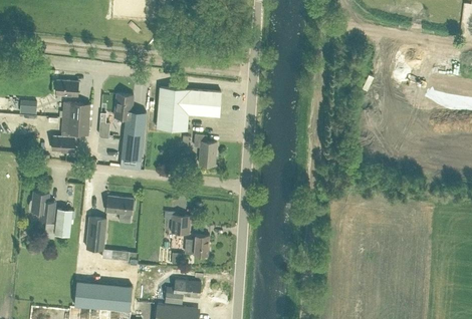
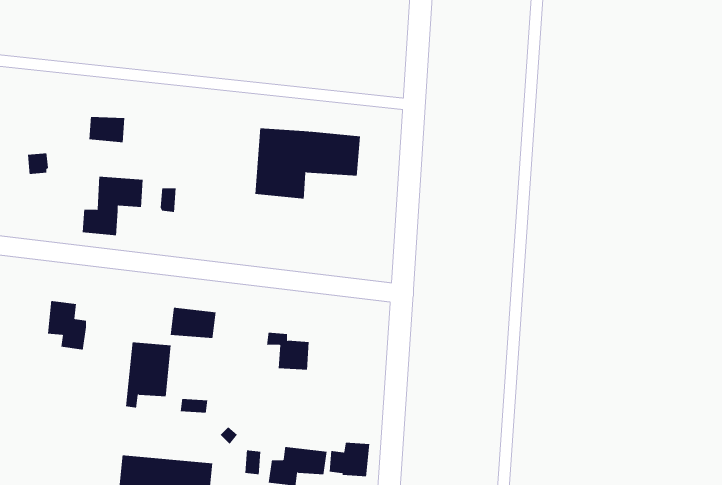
building: [114,93,147,161] -> none
building: [62,102,90,118] -> none
building: [194,134,217,166] -> none
building: [54,209,72,236] -> none
building: [185,235,210,256] -> [329,442,370,477]

